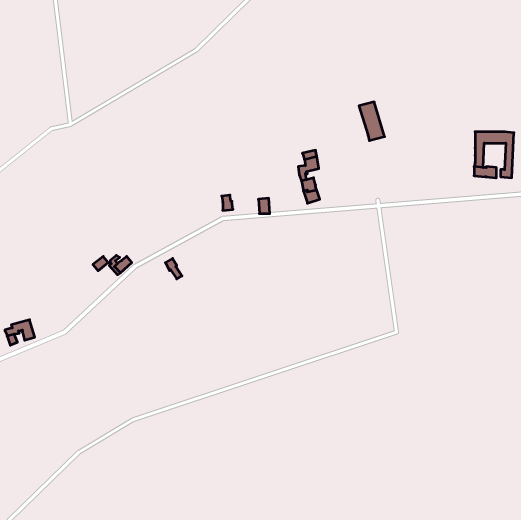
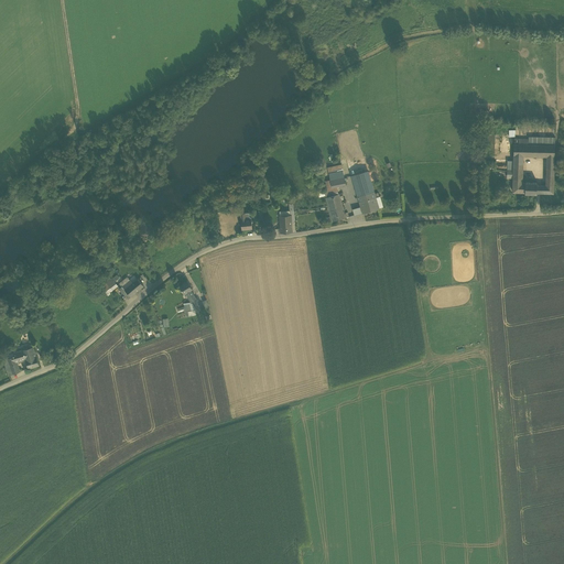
building: [359,102,385,141] -> [350,169,378,210]

